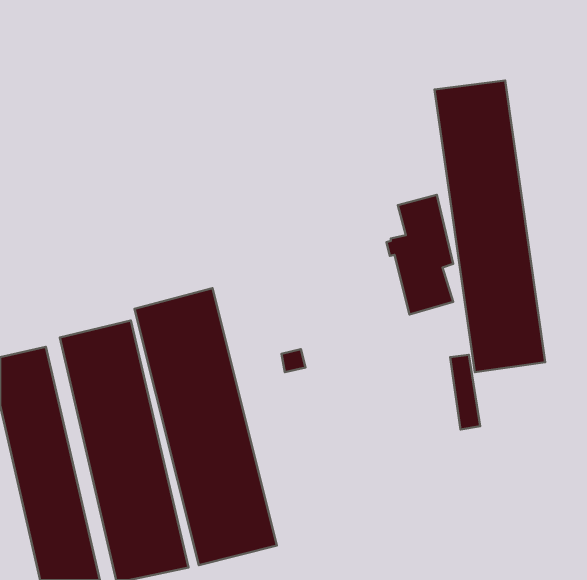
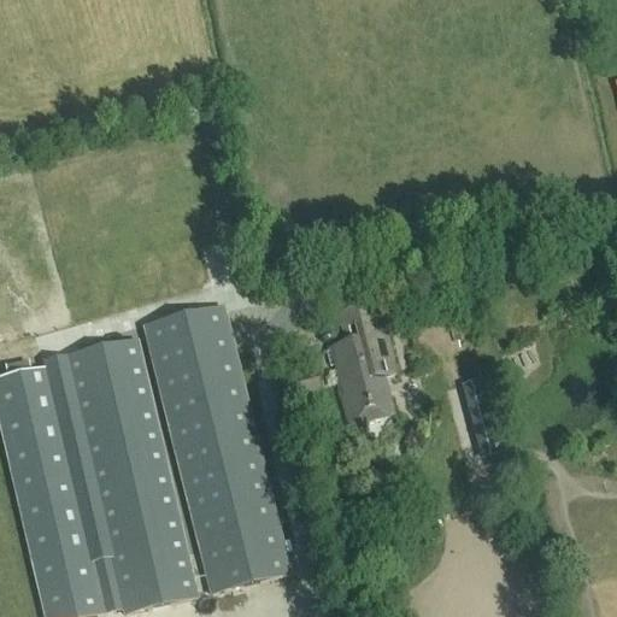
building: [435,81,545,372] -> none
building: [386,195,453,314] -> [325,298,395,423]

